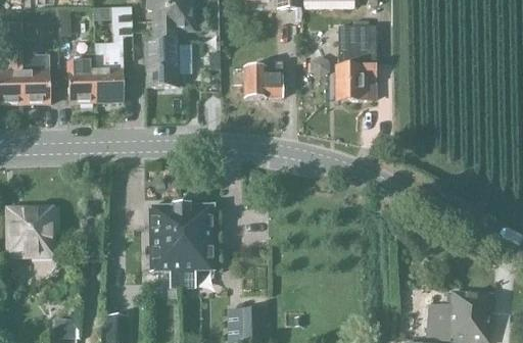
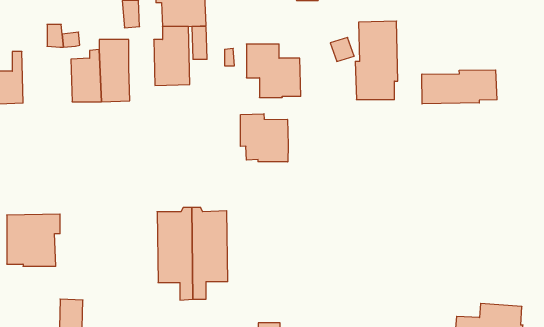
building: [21,40,50,103] -> none
building: none -> [422,70,497,104]
building: none -> [241,114,288,162]

